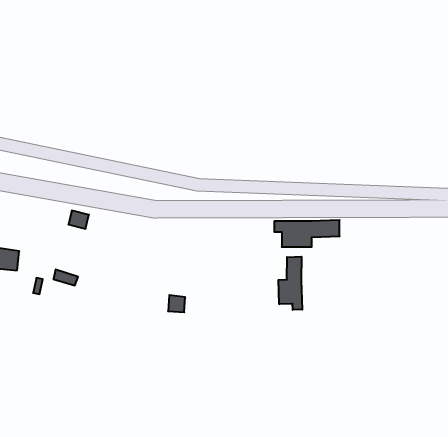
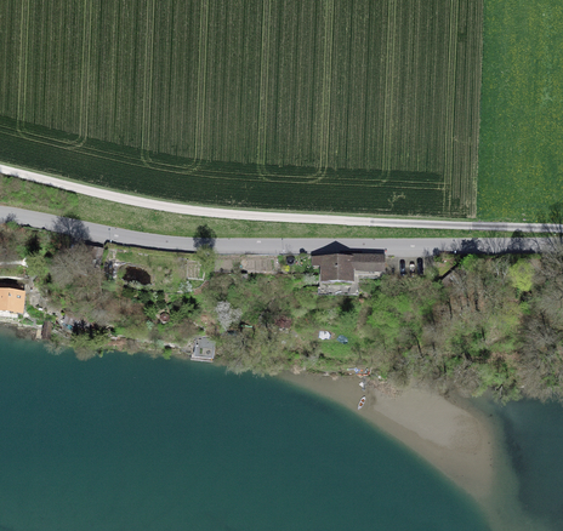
building: [278,257,302,310] -> none

